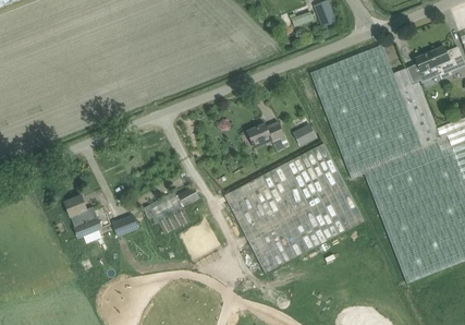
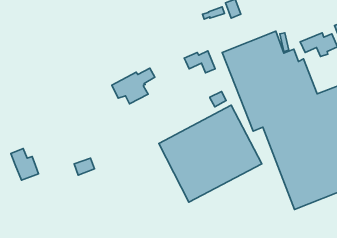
building: [247,121,289,151] -> [184,51,215,73]
building: [142,185,199,233] -> [112,68,155,104]
building: [65,195,102,238] -> [11,148,39,180]

